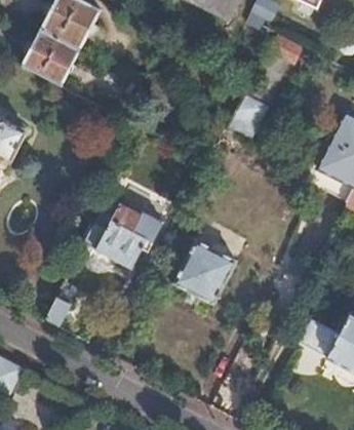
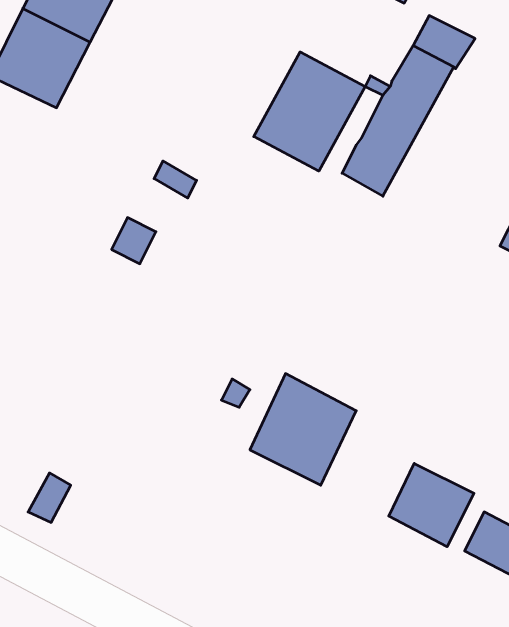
building: none -> [254,52,365,171]
building: [83,203,163,270] -> none
building: none -> [389,463,474,547]

